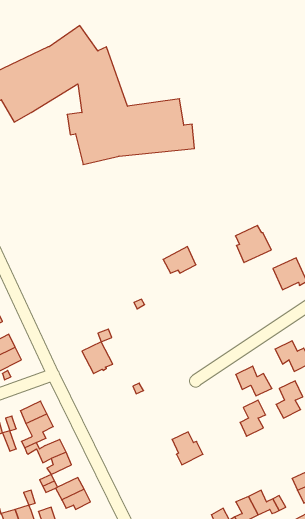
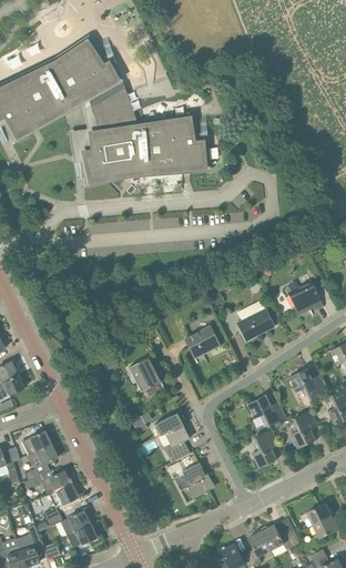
building: [235,225,271,263] -> [236,301,274,339]
building: [163,247,196,273] -> [184,326,218,354]
building: [82,342,113,374] -> [128,358,160,392]
building: none -> [154,414,189,462]

